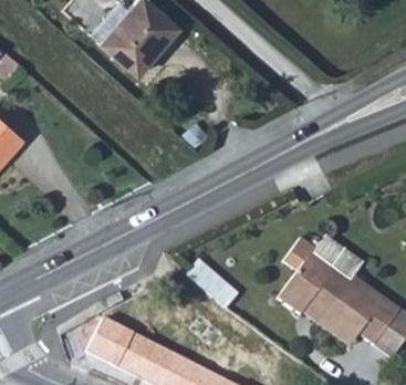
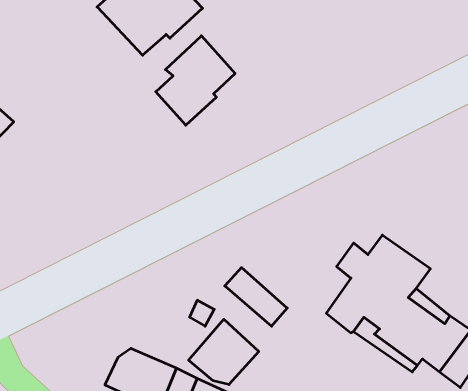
building: none -> [156,36,235,125]
building: none -> [189,319,259,385]

